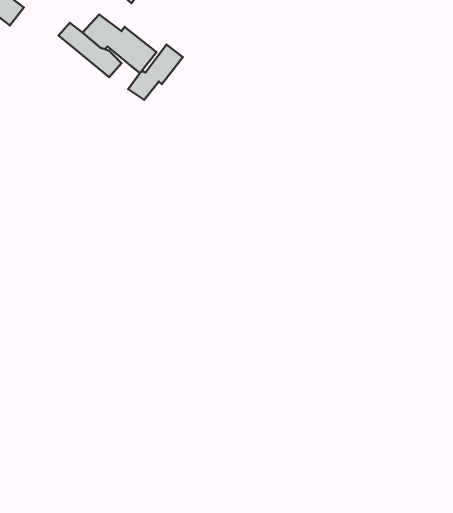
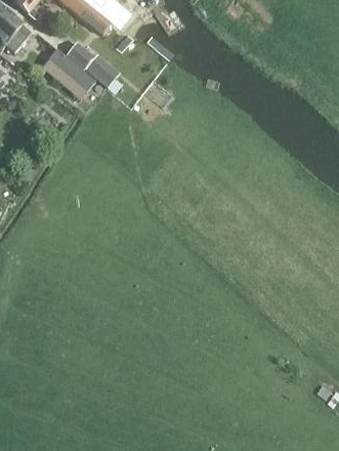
building: [128,44,183,100] -> none

